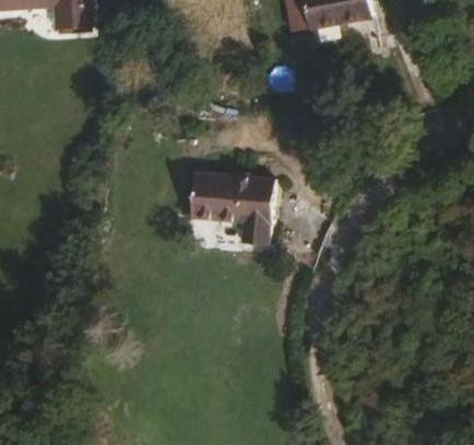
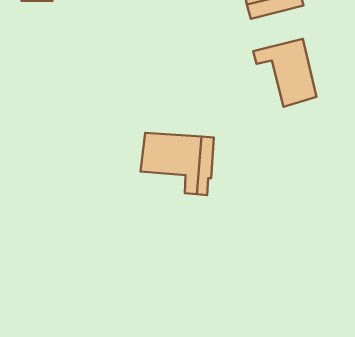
building: none -> [253,39,317,107]

